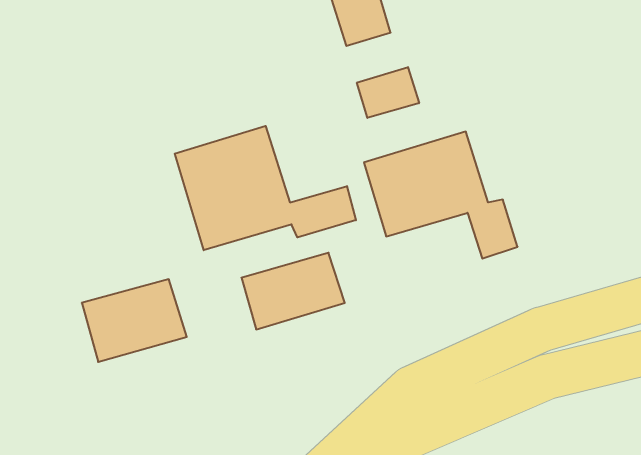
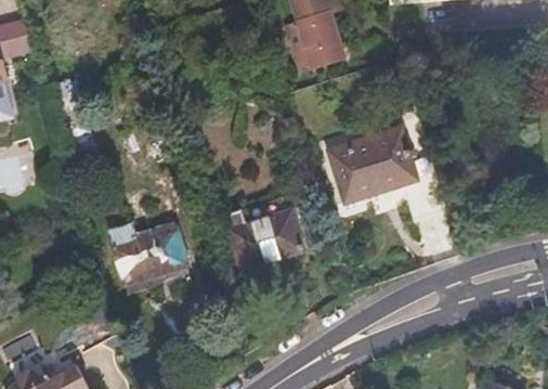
building: [357,67,419,118] -> none
building: [175,126,356,250] -> none

